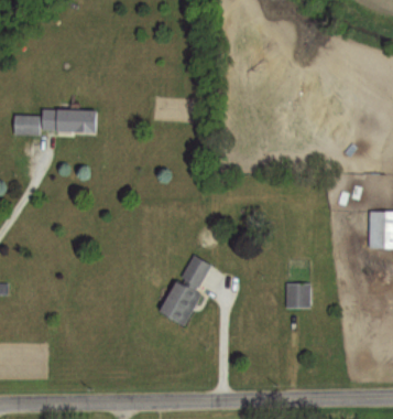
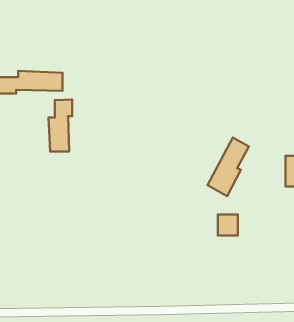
building: none -> [48,99,72,152]
building: [161,255,211,326] -> [207,137,249,196]

